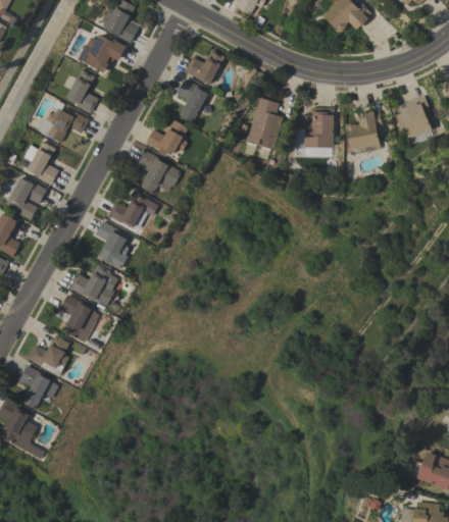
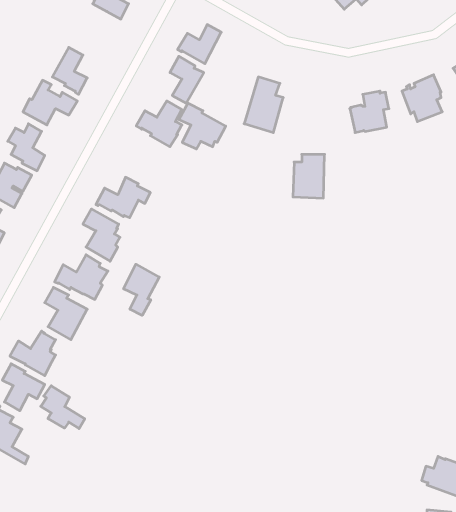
building: [78,34,126,72] -> none
building: [304,107,334,148] -> [293,154,325,198]
building: [137,150,181,193] -> [179,103,226,149]
building: none -> [124,264,159,315]
building: none -> [41,386,85,429]

